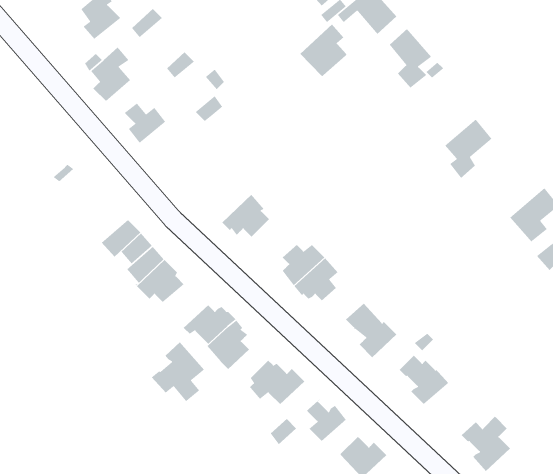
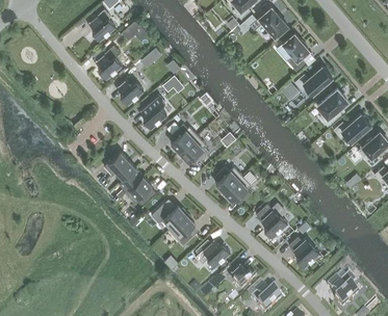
building: [300,23,349,78] -> none
building: none -> [294,63,332,95]
building: none -> [139,91,166,126]
building: none -> [333,111,370,139]
building: none -> [170,122,197,151]
building: [151,342,205,403] -> none

